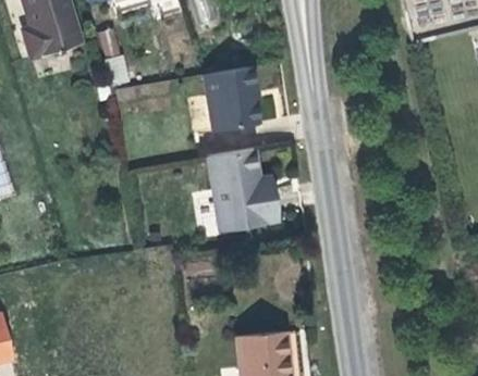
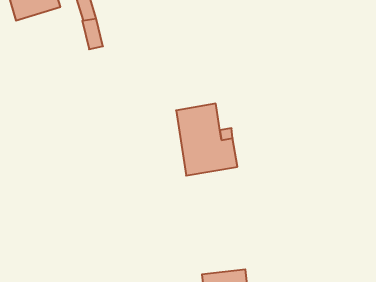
building: [204,65,258,131] -> none

